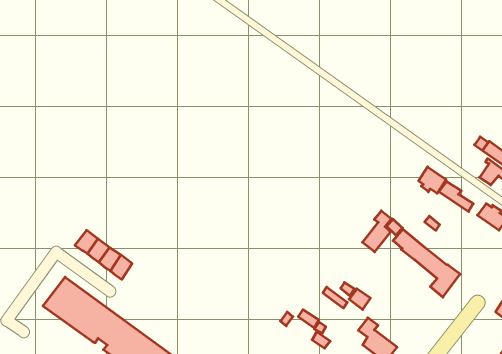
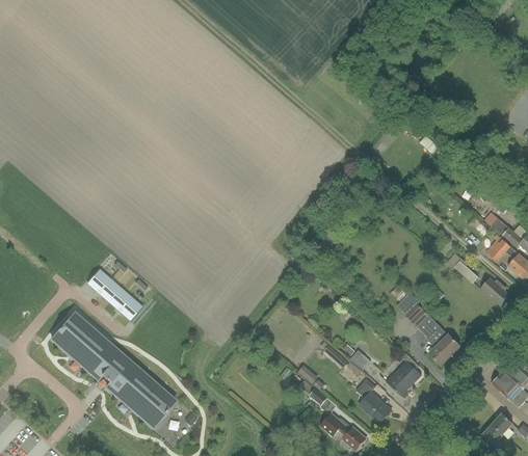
building: [419,167,446,193] -> none
building: [362,211,392,252] -> none
building: none -> [387,352,422,396]

